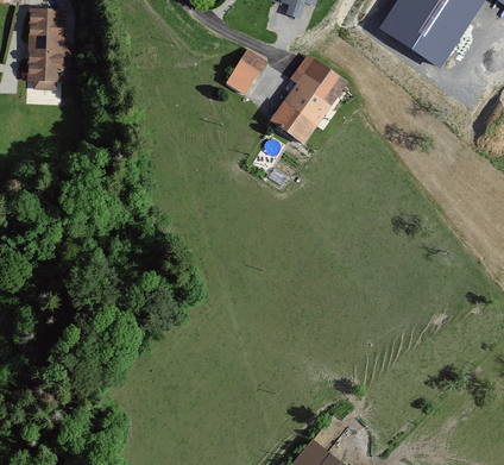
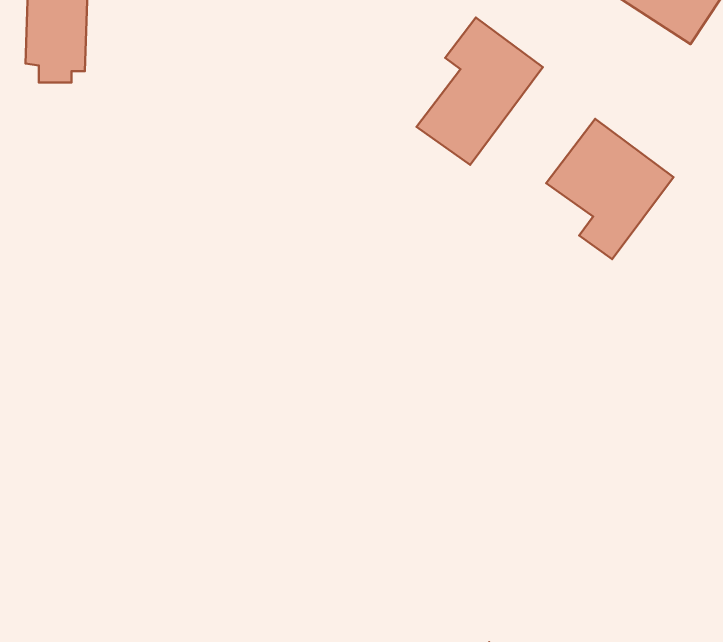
building: [225,48,267,96] -> none
building: none -> [546,119,673,259]

